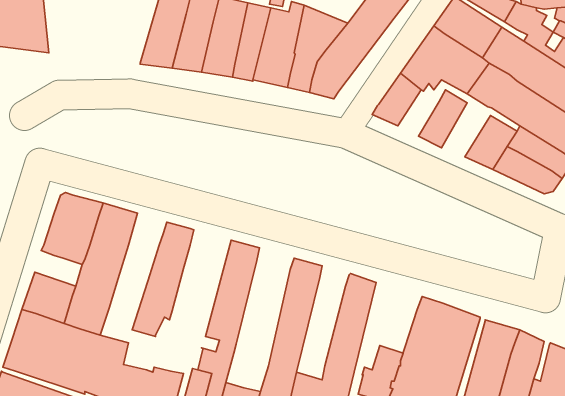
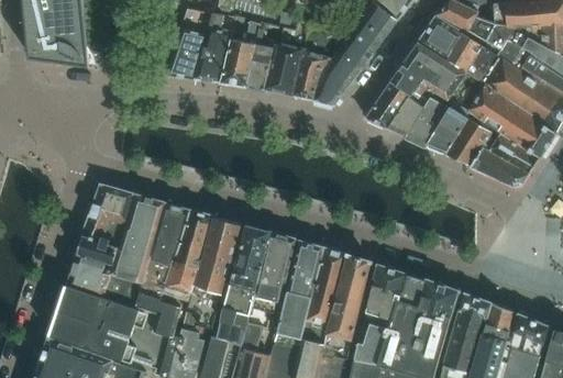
building: none -> [388,97,423,136]
building: none -> [426,107,468,154]
building: none -> [133,202,190,336]
building: none -> [179,216,241,340]
building: none -> [241,232,295,352]
building: none -> [77,234,118,265]
building: none -> [301,247,346,345]
building: none -> [360,264,408,336]

